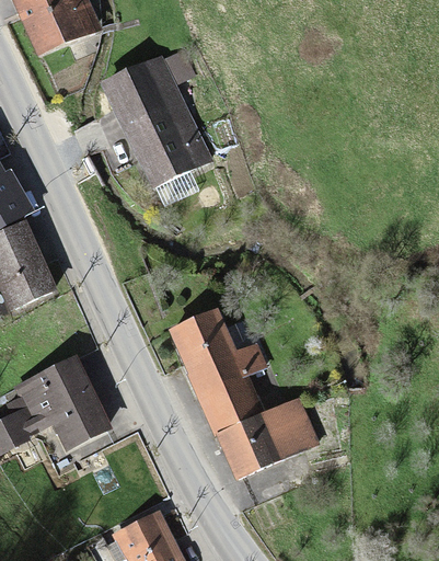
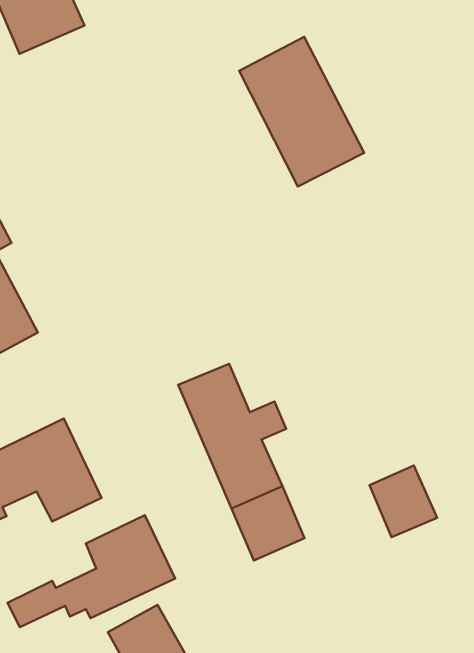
building: [103,56,208,182] -> [239,37,364,187]
building: [259,399,316,459] -> [369,466,437,537]
building: none -> [8,515,175,627]

